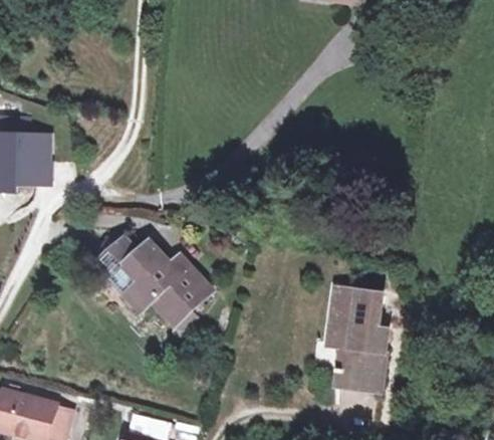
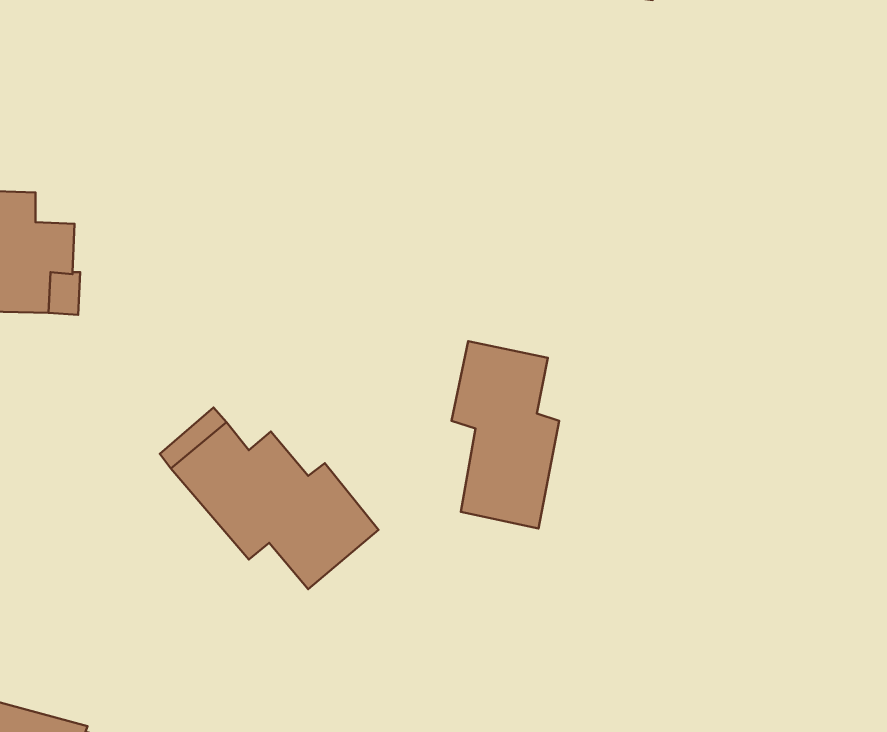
building: [327,282,386,384] -> [452,341,559,528]

